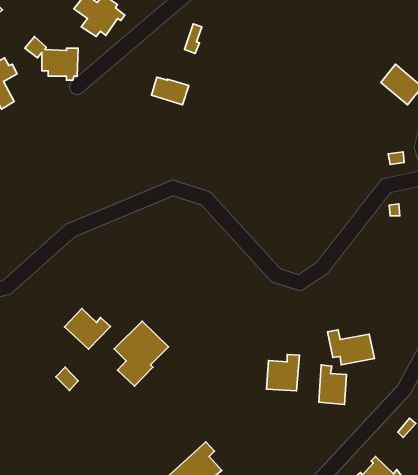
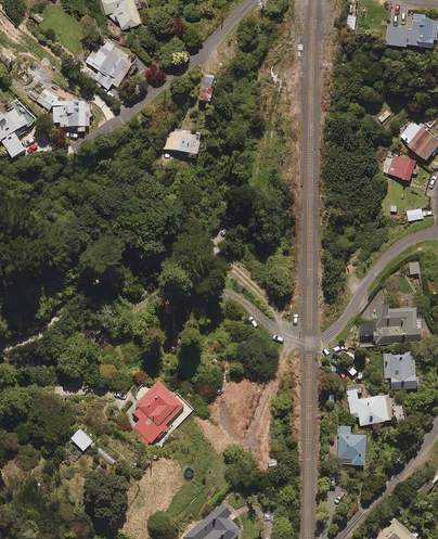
building: none -> [389,155,416,179]
building: none -> [360,303,417,344]
building: none -> [383,350,417,388]
building: [64,308,111,349] -> none
building: [267,355,300,391] -> none

